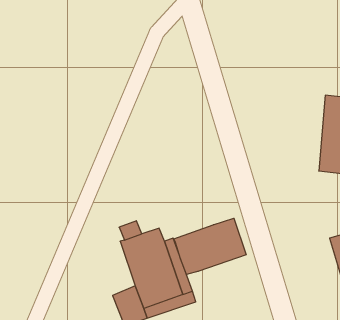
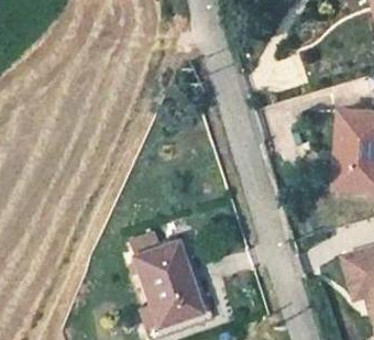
building: [174,218,246,275] -> none

